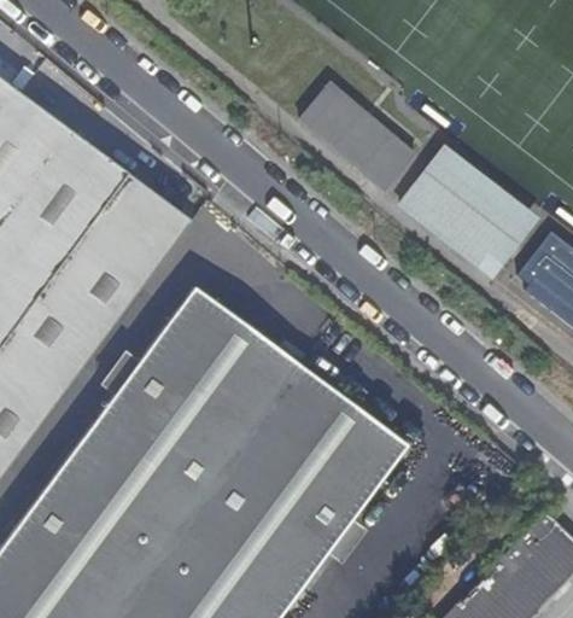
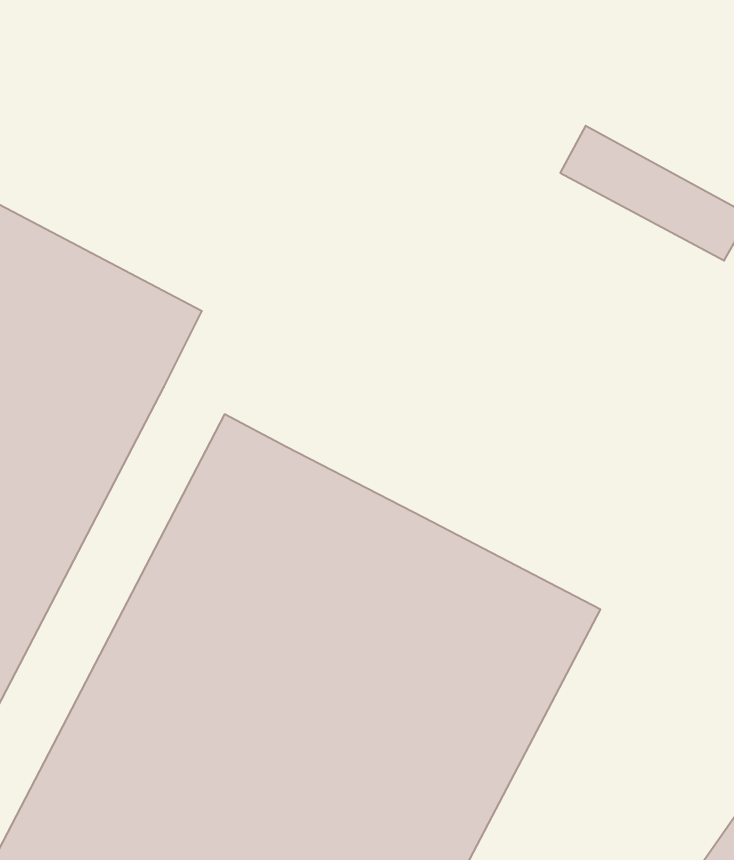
building: [300,81,416,188] -> none
building: [397,171,519,279] -> none

